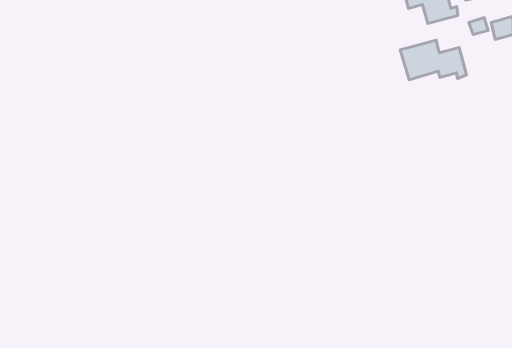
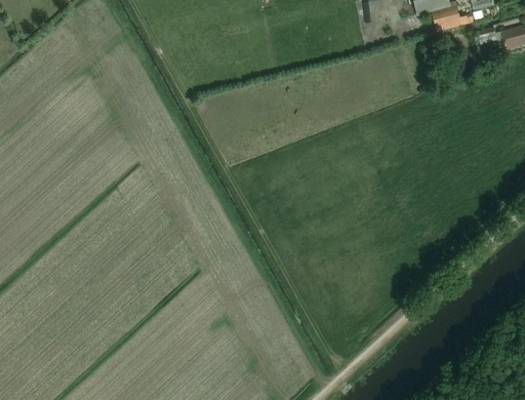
building: [400,40,466,80] -> none

